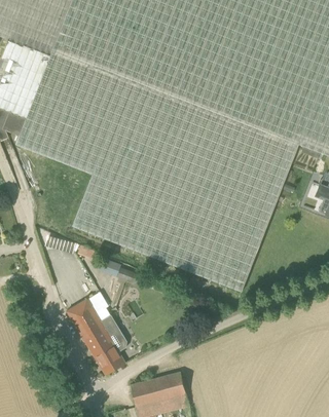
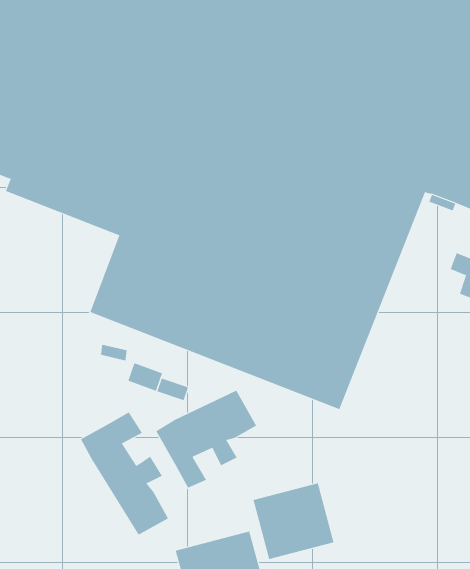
building: none -> [155,390,257,489]
building: none -> [253,482,334,560]

